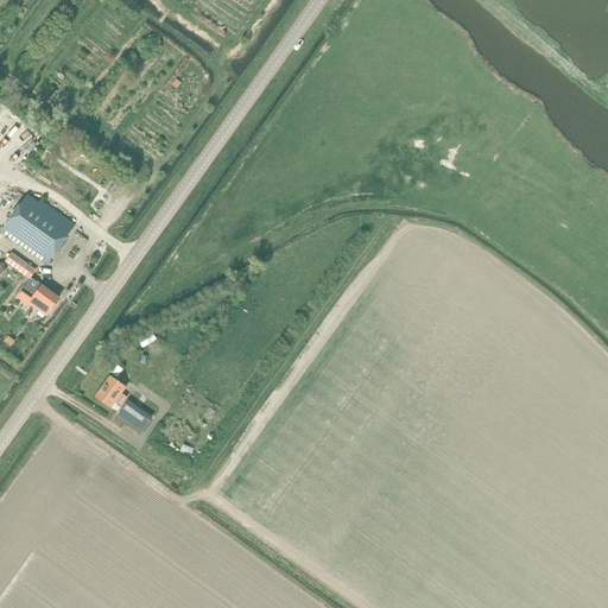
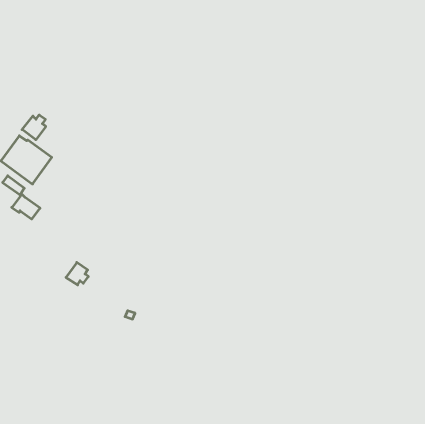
building: none -> [22,115,46,140]
building: [116,399,151,431] -> none

